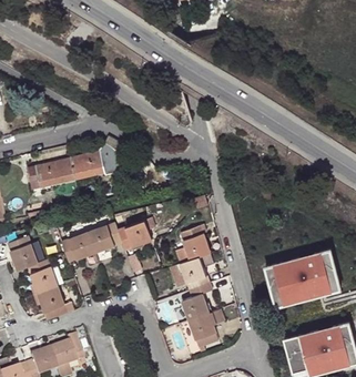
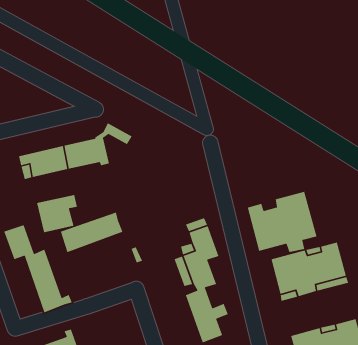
building: none -> [247,191,318,253]
building: none -> [36,194,78,233]
building: [120,220,155,248] -> none

